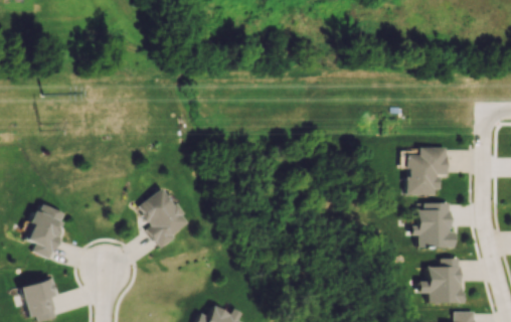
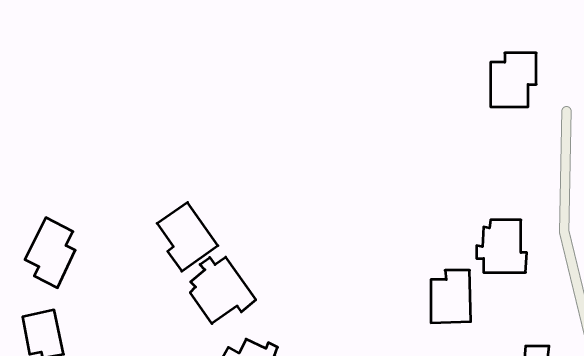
building: [407,147,447,193] -> [491,53,536,107]
building: none -> [190,257,256,324]
building: [428,258,462,303] -> [431,270,471,323]

